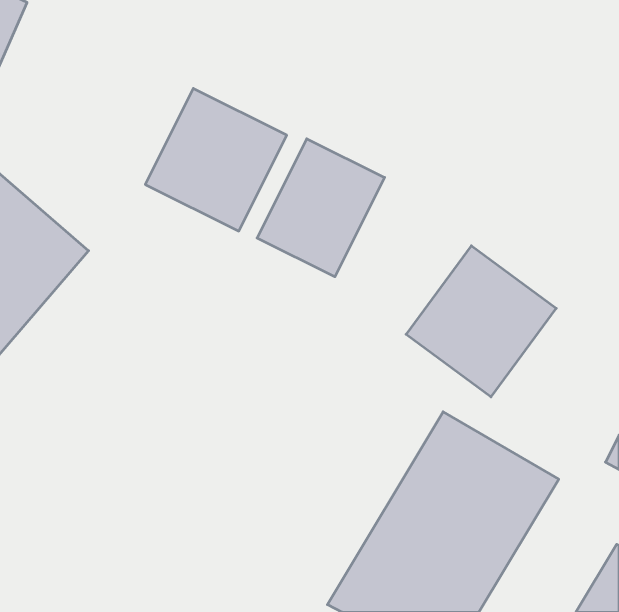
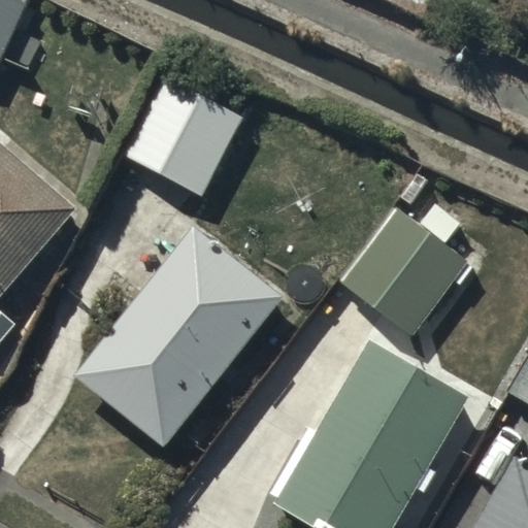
building: [257,139,385,277] -> none
building: none -> [77,228,283,447]

